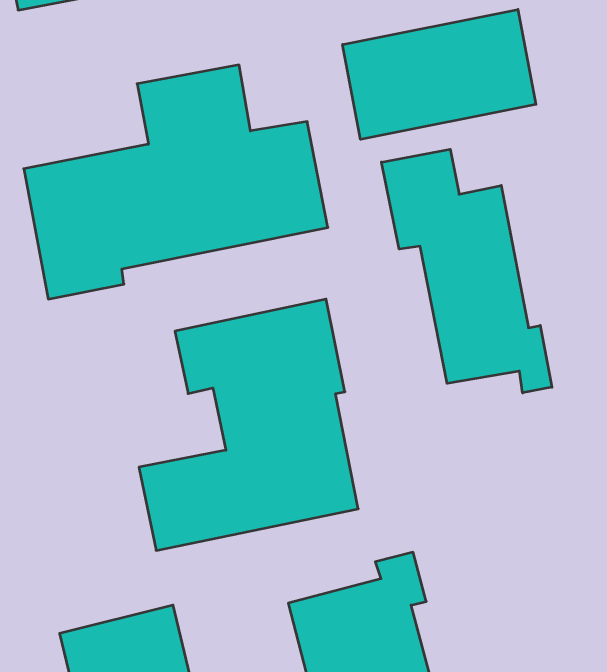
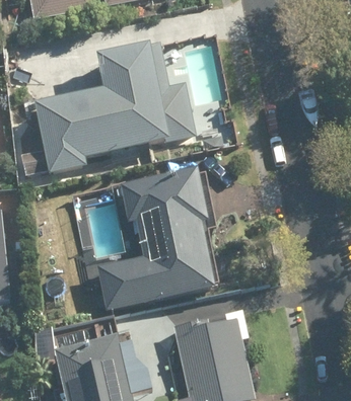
building: [343,9,536,139] -> none
building: [381,149,552,393] -> none

